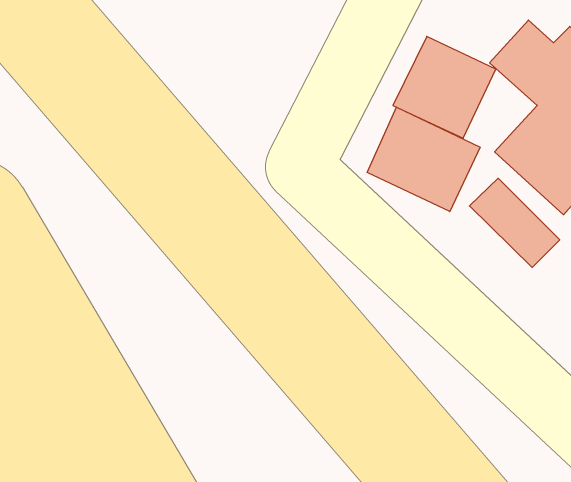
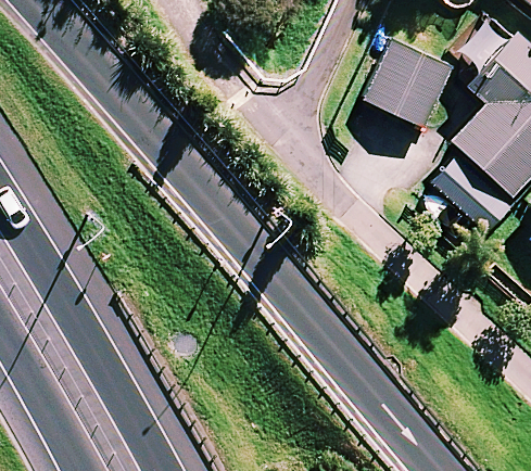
building: [367,107,480,212] -> none

